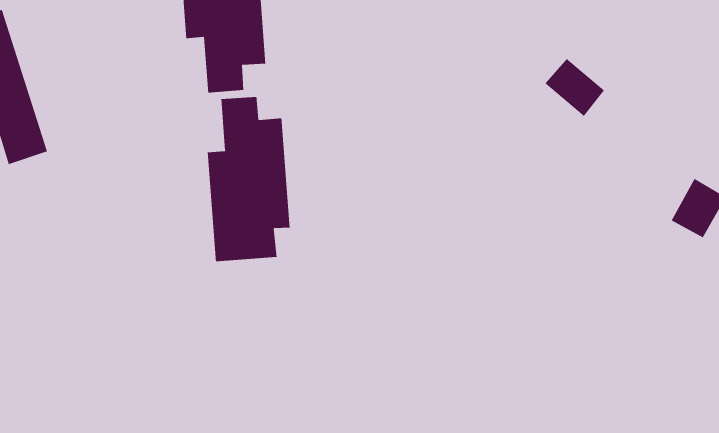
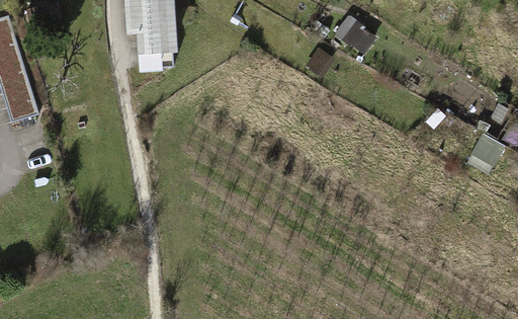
building: [545,58,605,117] -> [332,13,373,54]
building: [207,96,290,262] -> none

